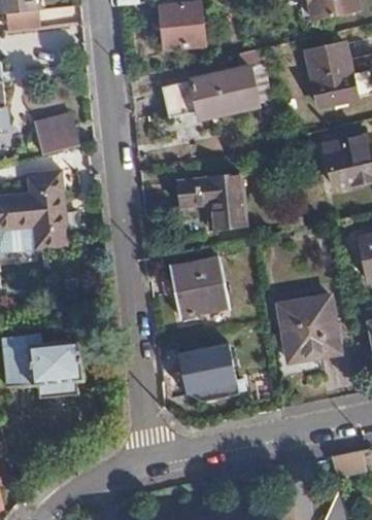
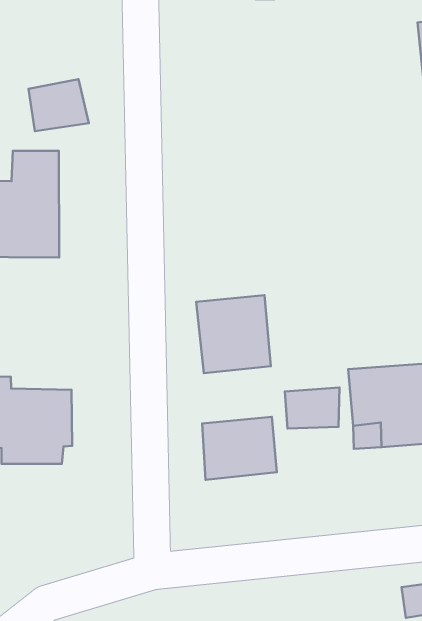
building: [160,46,264,119] -> none
building: [177,171,249,229] -> none
building: none -> [285,387,339,429]

